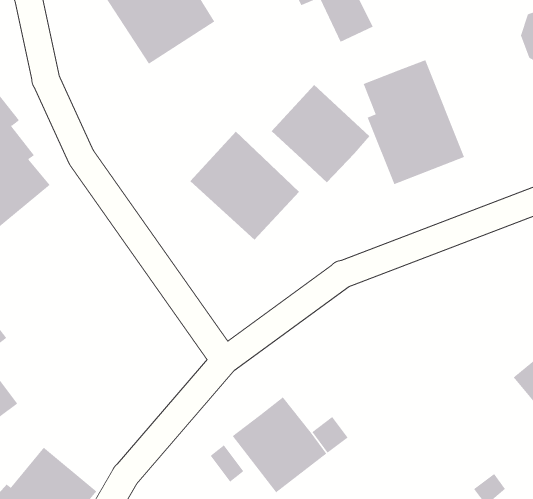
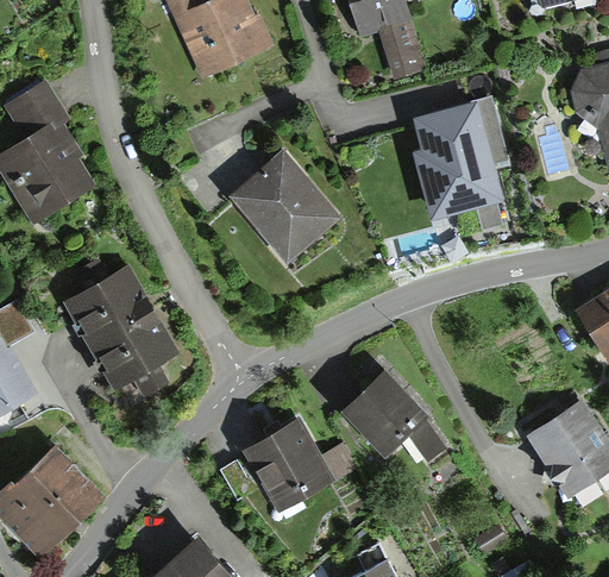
building: [271,84,370,183] -> none
building: none -> [65,261,182,399]
building: none -> [341,374,445,462]

